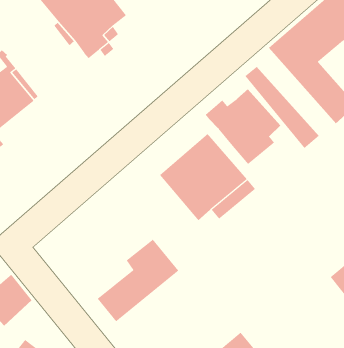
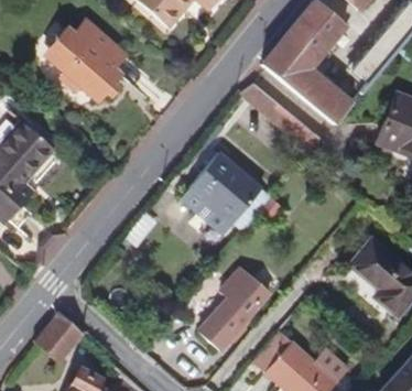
building: [205,88,281,165] -> none
building: [97,239,179,322] -> [200,268,272,350]

